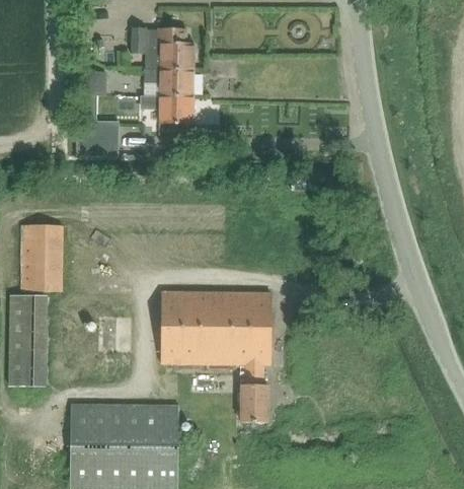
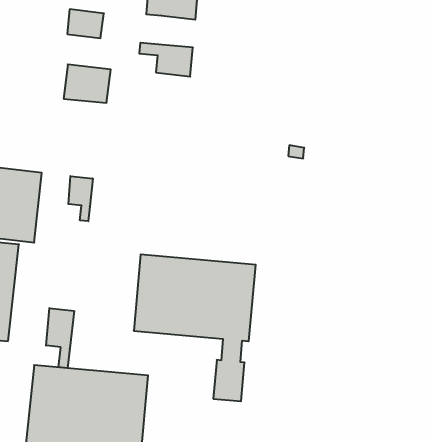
building: [144,68,192,95] -> none
building: none -> [68,176,93,221]
building: none -> [46,308,74,368]

